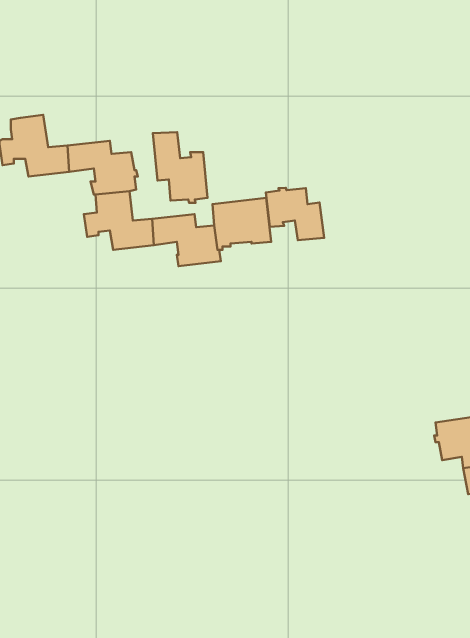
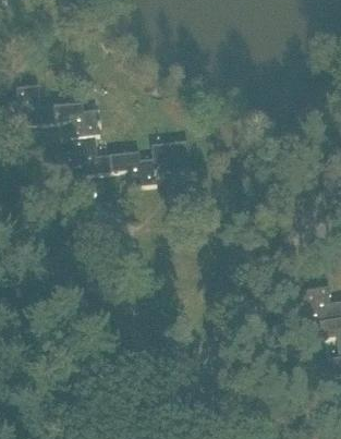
building: [153,132,208,203] -> none
building: [266,188,324,240] -> none

